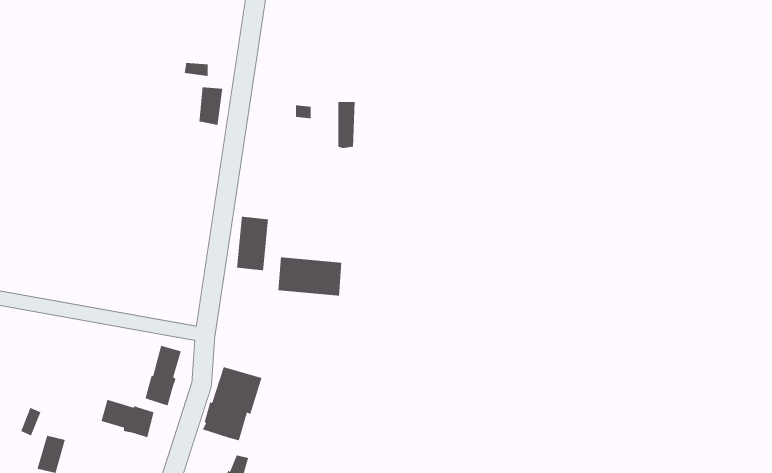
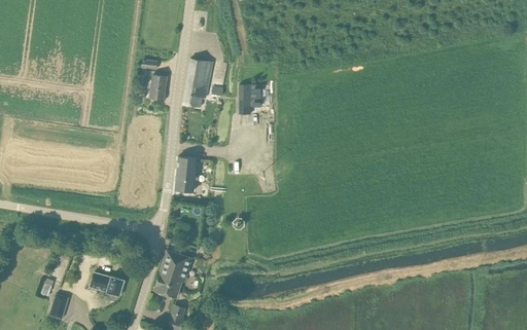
building: none -> [183,60,214,108]
building: [278,256,342,297] -> none
building: [145,345,182,406] -> none

